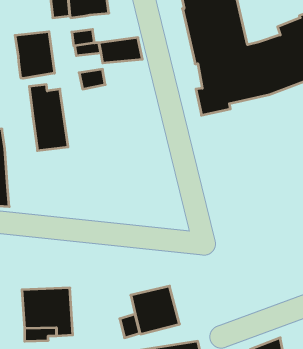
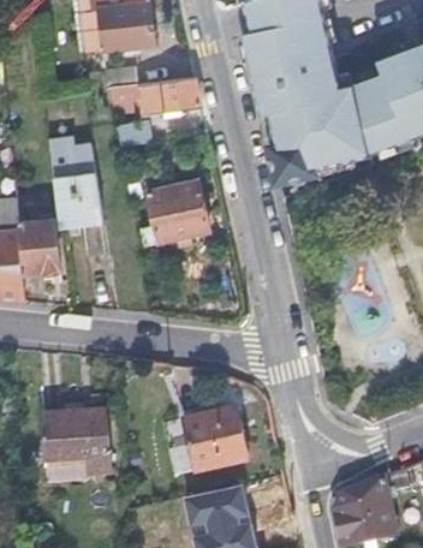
building: [15,32,54,78] -> none
building: none -> [143,183,209,248]
building: none -> [18,222,58,276]

